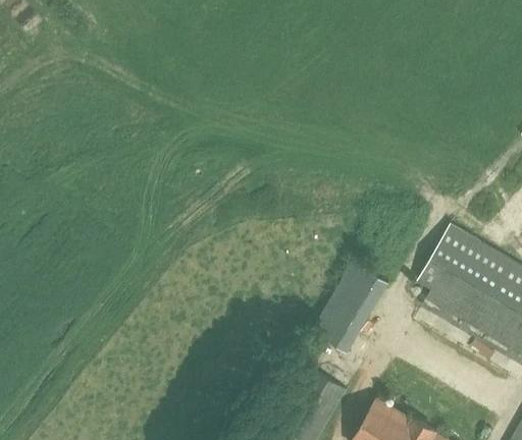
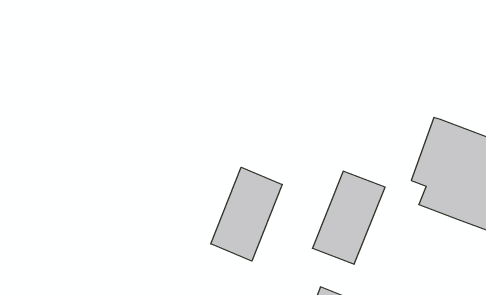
building: none -> [211,167,282,261]

